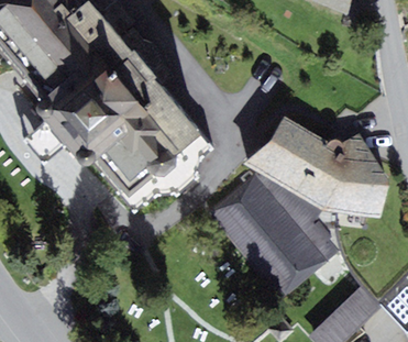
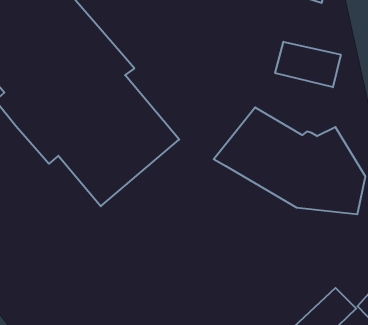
building: none -> [275,42,341,87]
building: [208,170,340,297] -> none

